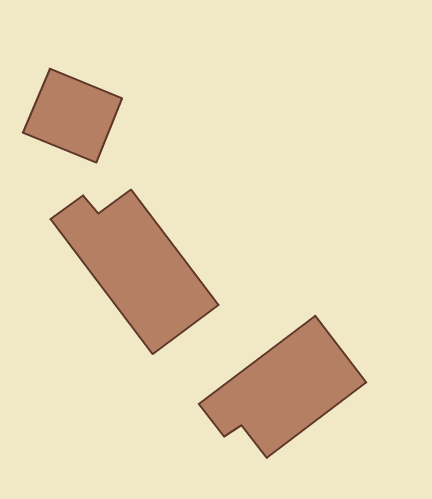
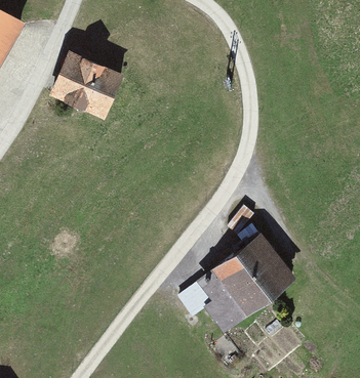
building: [50,190,219,354] -> none

